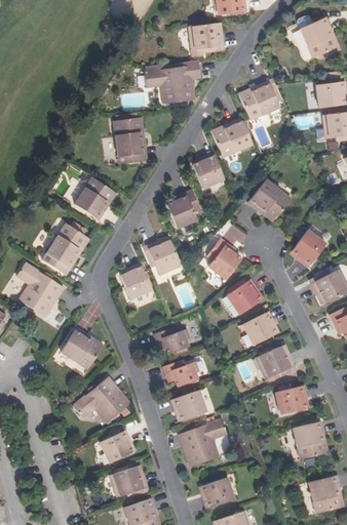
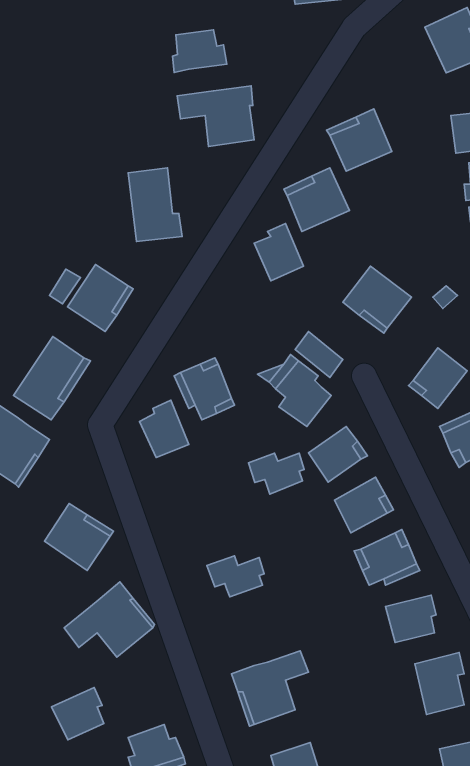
building: [190,23,224,49] -> [173,30,227,73]
building: [166,189,200,228] -> none
building: [154,328,189,354] -> [248,453,304,494]
building: [170,390,205,419] -> none
building: [99,430,131,462] -> [51,687,104,740]

